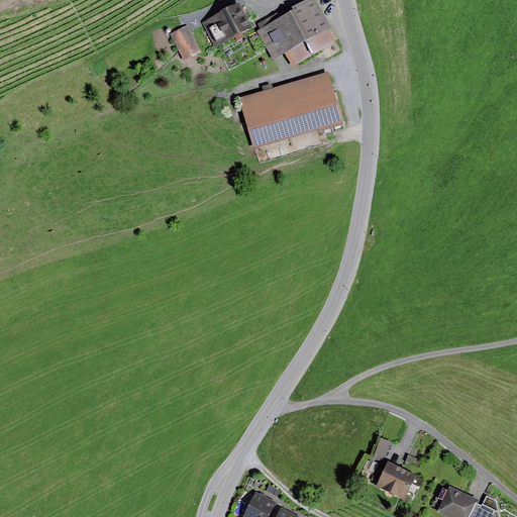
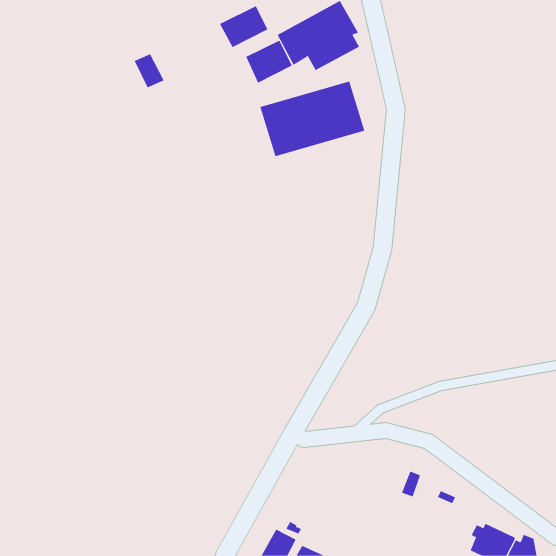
building: [171,26,199,59] -> [134,53,165,88]
building: none -> [245,40,293,83]
building: [371,459,423,499] -> none

